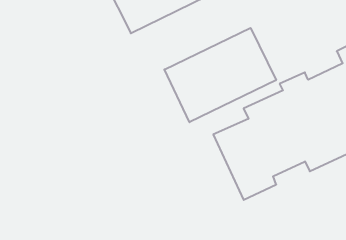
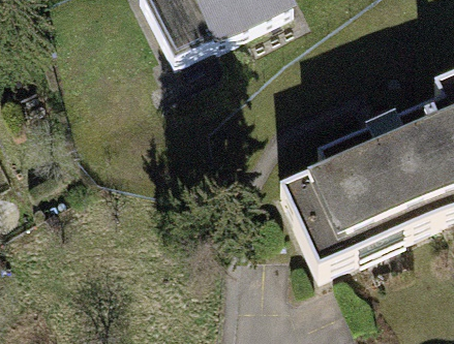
building: [164,28,276,122] -> none

